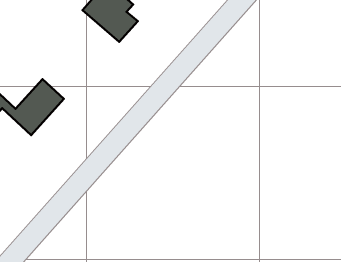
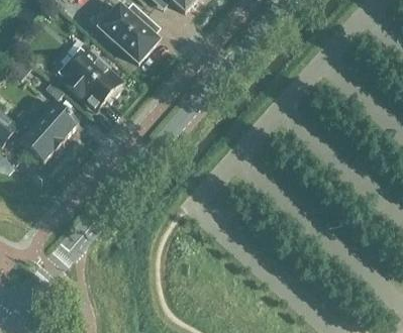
building: none -> [55,41,120,101]

